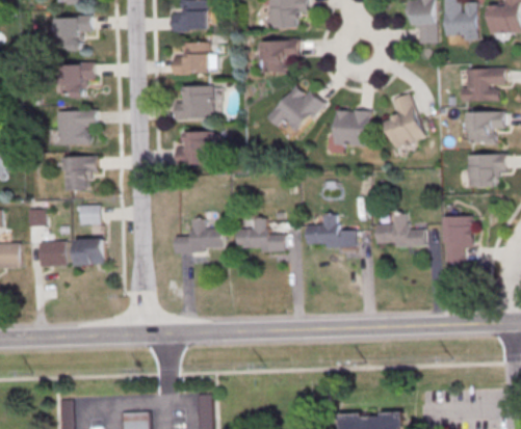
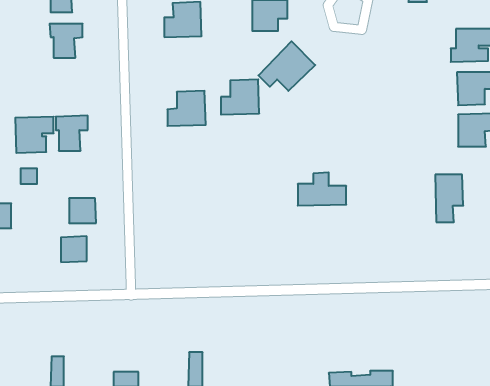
building: [175,85,213,120] -> [221,79,259,115]
building: [385,92,426,149] -> none
building: [335,109,370,144] -> none
building: [56,110,95,146] -> [15,117,54,153]
building: [79,204,100,222] -> none
building: [377,213,424,245] -> none
building: [238,217,285,249] -> none
building: [176,218,223,252] -> none
building: [40,241,66,267] -> [61,236,87,262]

